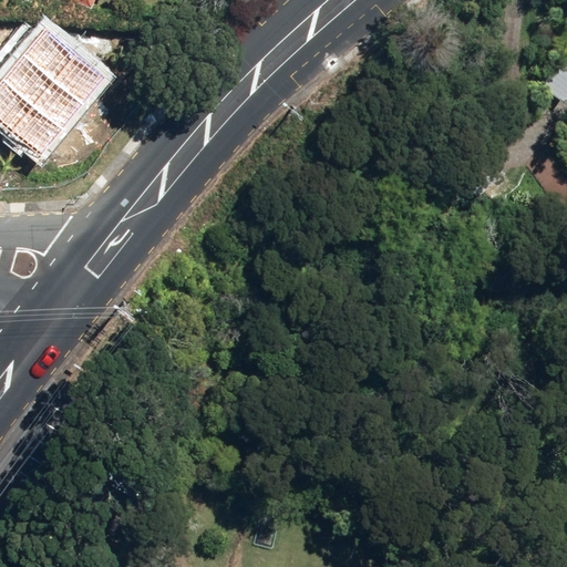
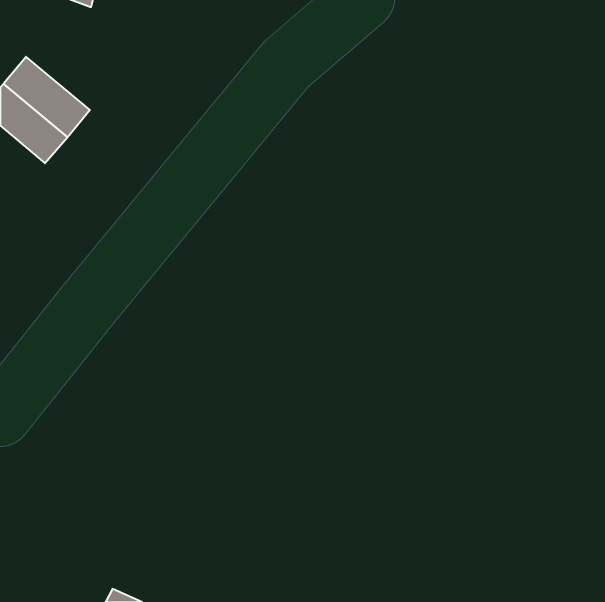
building: [24,27,106,103] -> none

